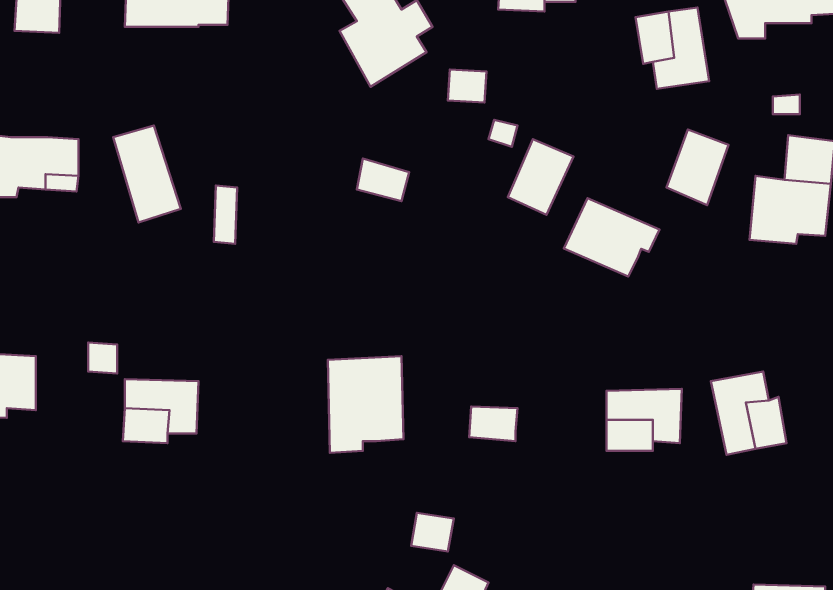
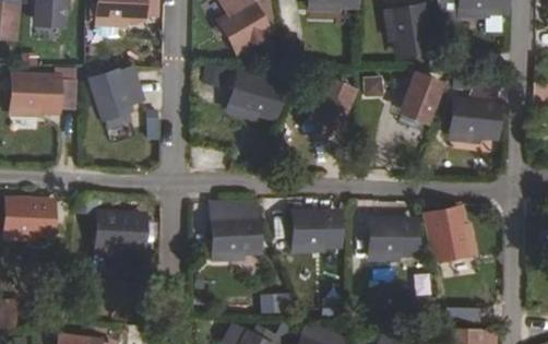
building: none -> [233,76,278,116]
building: [564,198,660,277] -> none
building: none -> [294,214,336,246]

